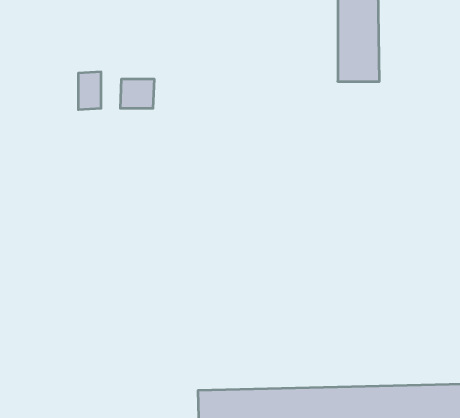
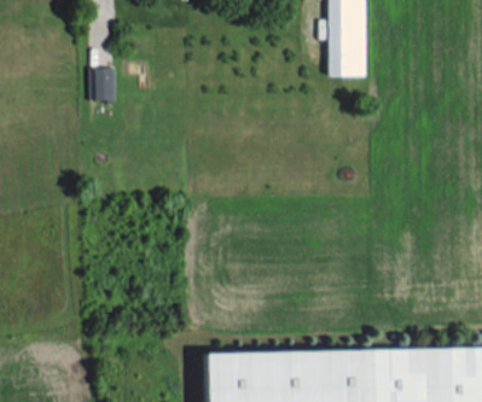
building: [120,79,154,108] -> none

